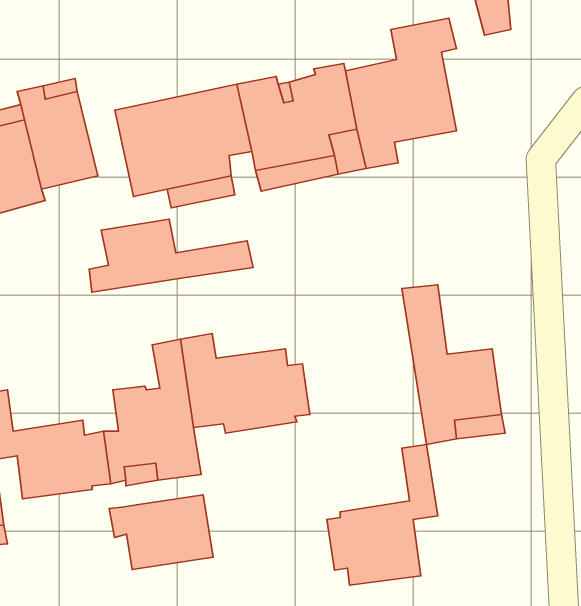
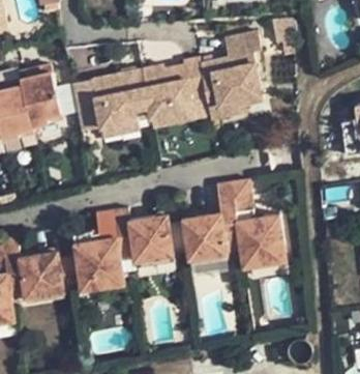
building: [89,219,253,292] -> none
building: [327,444,438,585] -> [175,184,236,262]
building: [109,495,213,569] -> none

